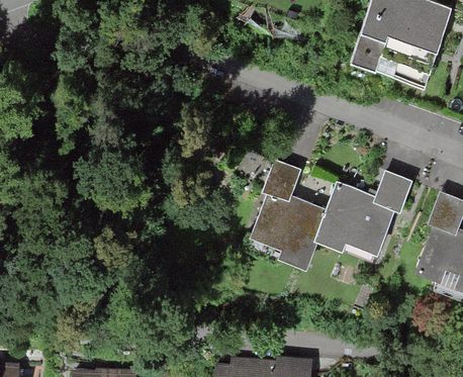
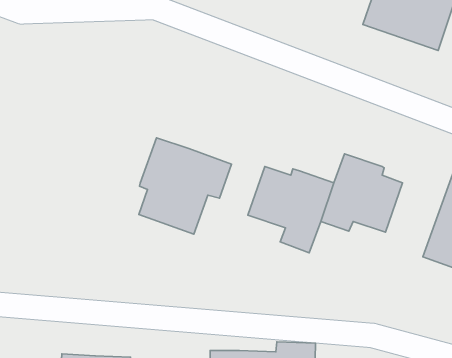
building: [264,156,300,199] -> none
building: none -> [139,138,231,234]
building: [374,167,412,208] -> none

